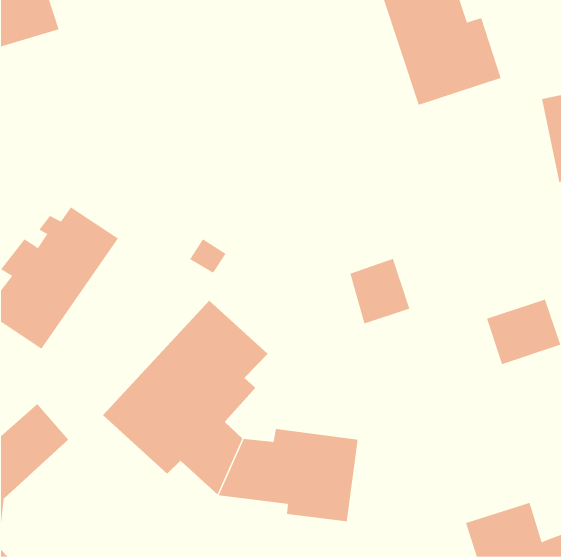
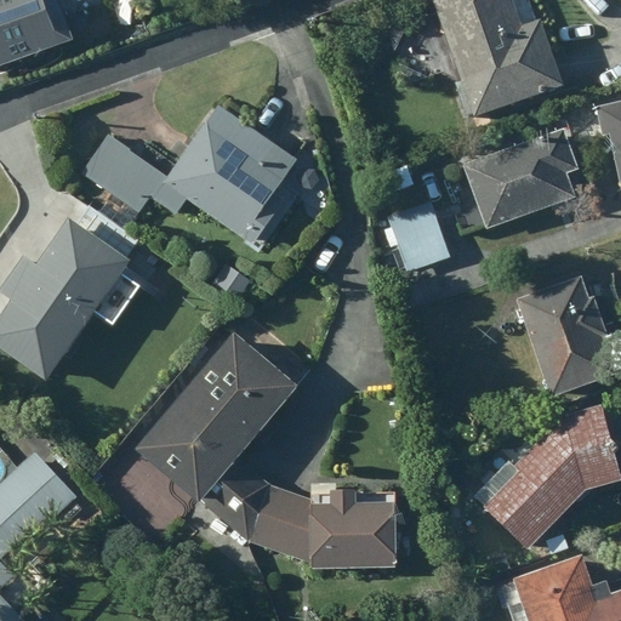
building: none -> [79,99,290,241]
building: none -> [467,131,577,228]
building: none -> [520,280,603,352]
building: [350,258,410,324] -> [384,204,451,277]
building: none -> [477,404,614,548]

